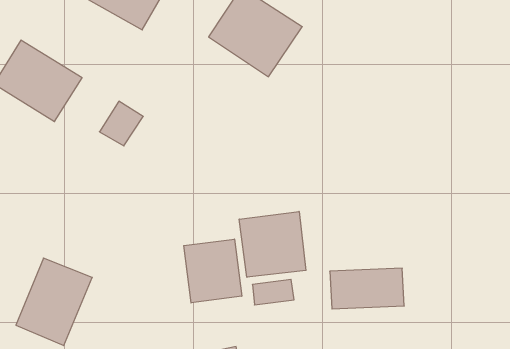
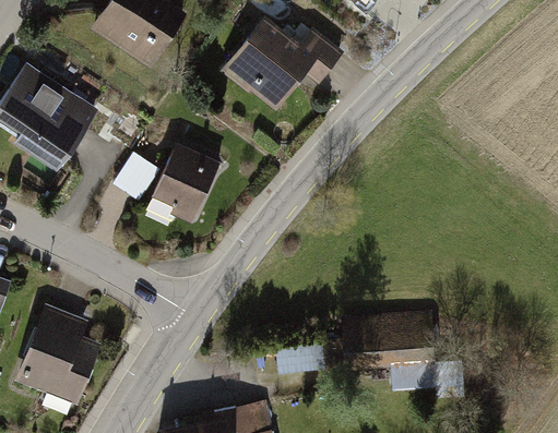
building: none -> [151,149,217,226]
building: [239,211,306,277] -> none
building: [184,239,242,303] -> none

